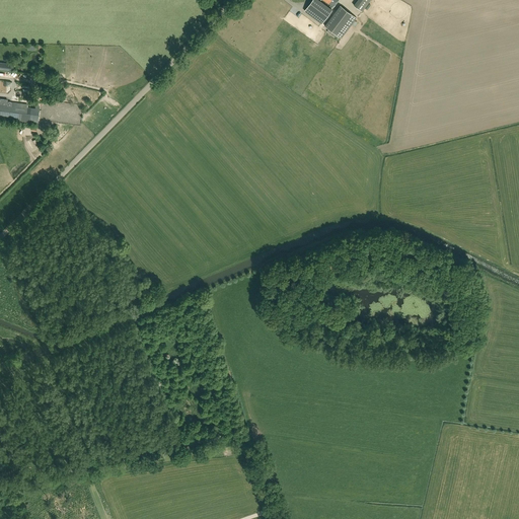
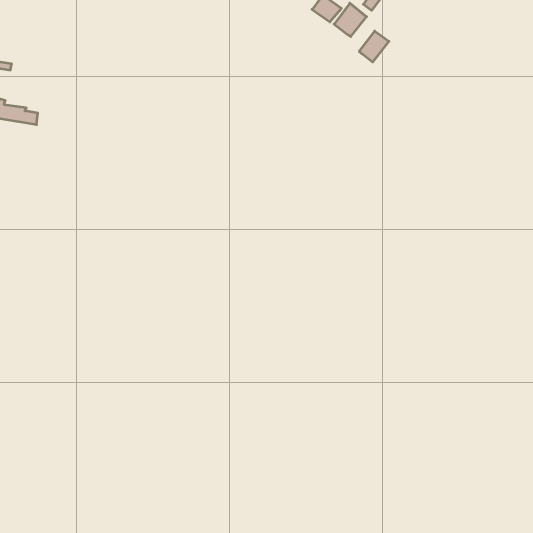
building: none -> [359,31,389,62]

